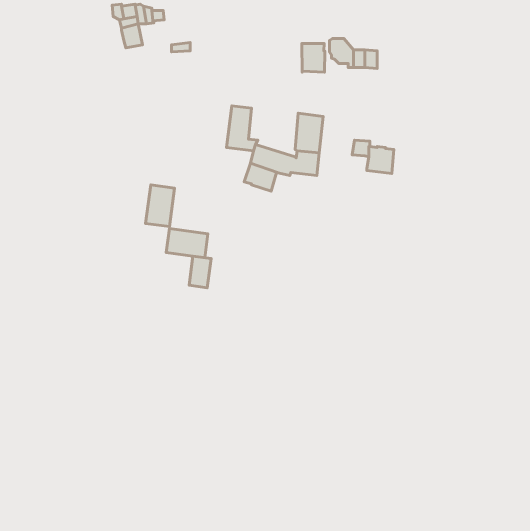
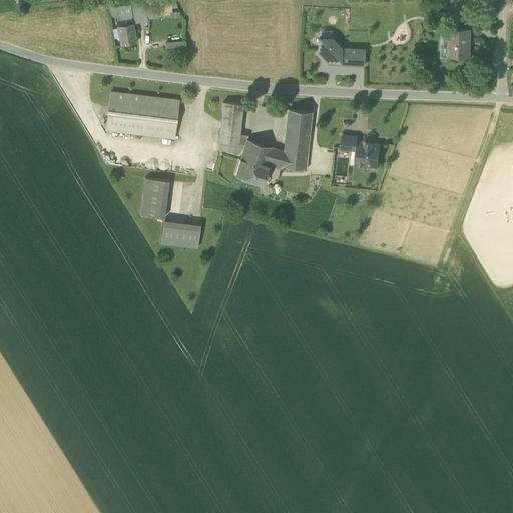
building: none -> [449,29,471,57]
building: [302,43,325,72] -> none
building: none -> [107,93,180,139]
building: [189,256,211,288] -> none

